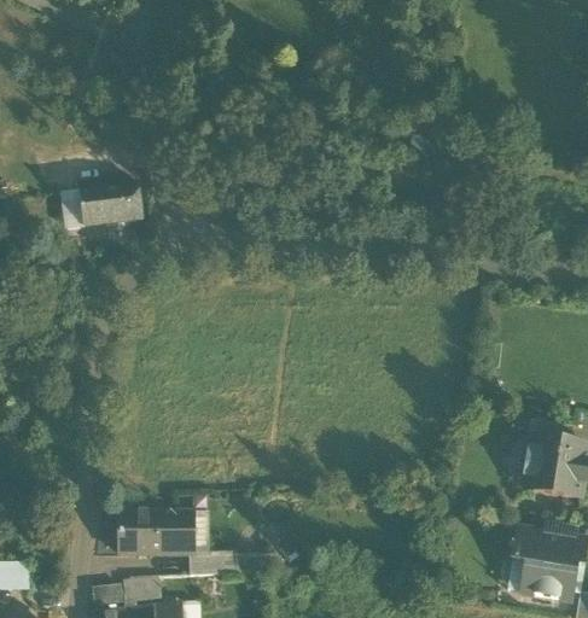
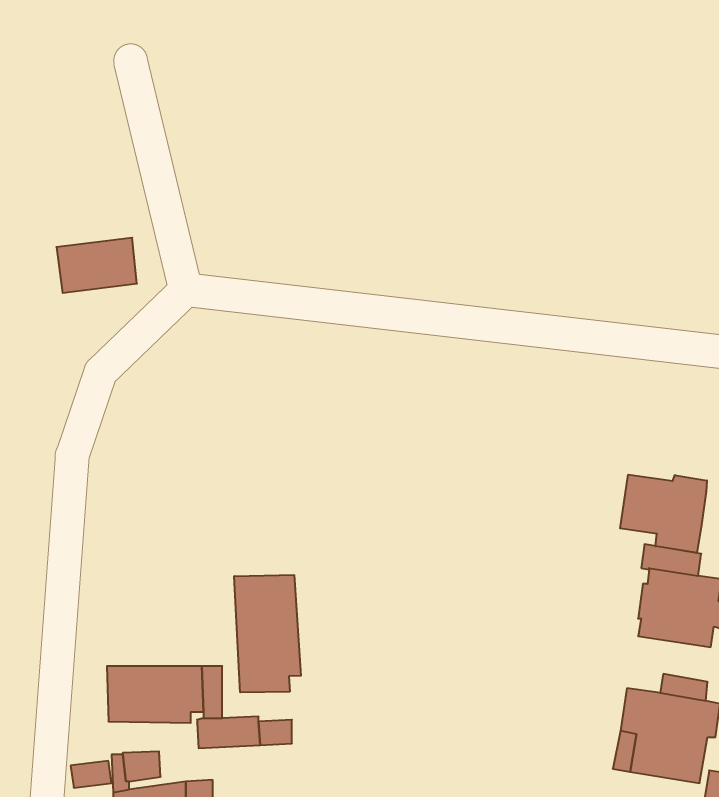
building: [59,192,85,229] -> none
building: none -> [620,475,707,553]
building: none -> [234,575,301,692]

